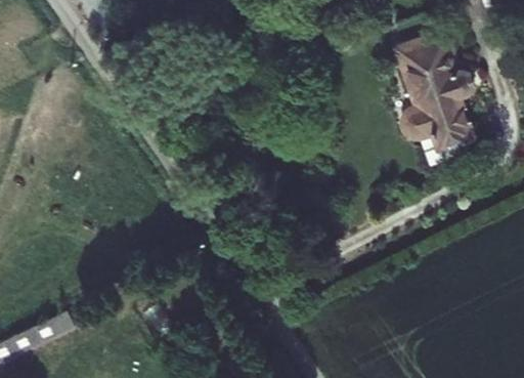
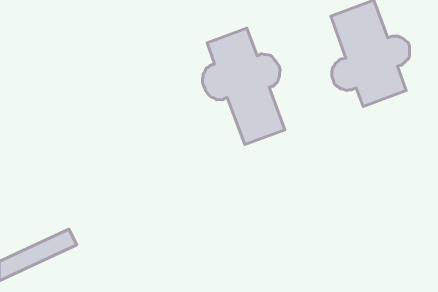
building: none -> [202,28,285,145]

